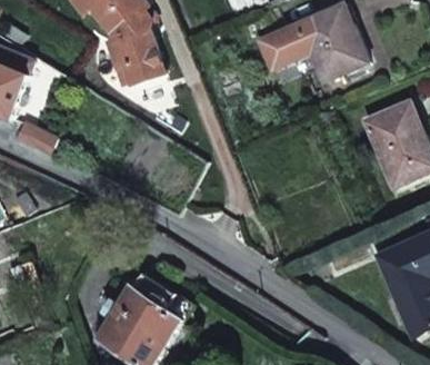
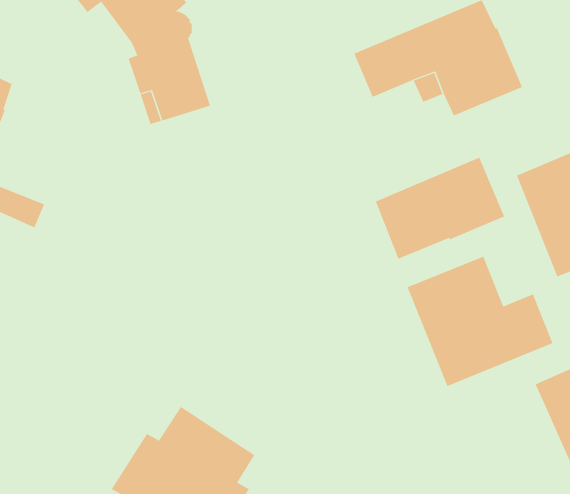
building: none -> [375,157,505,259]
building: none -> [407,256,553,387]

